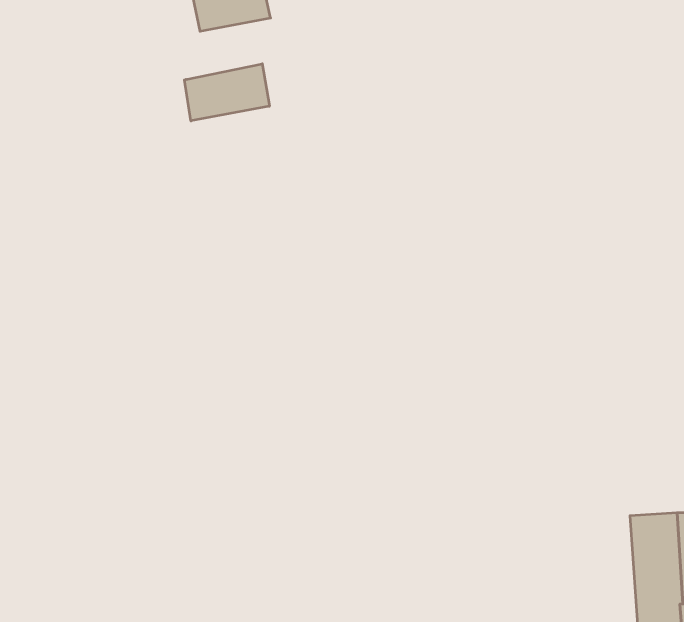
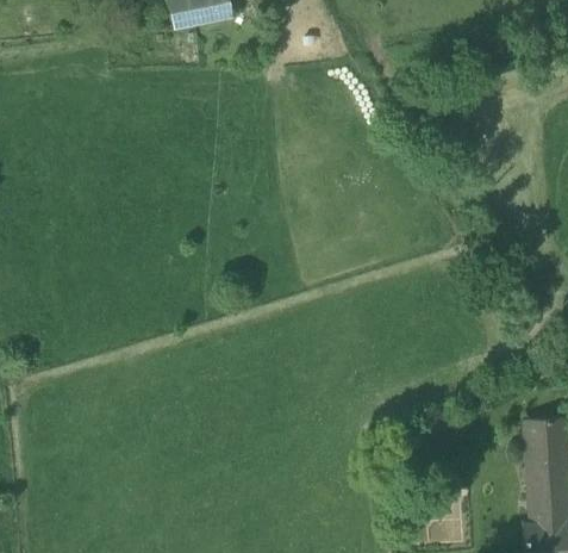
building: [184,64,269,121] -> none

